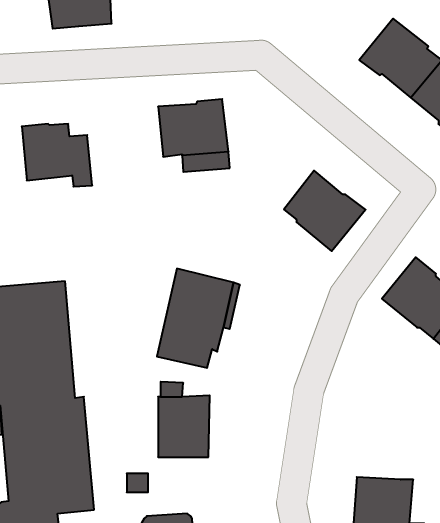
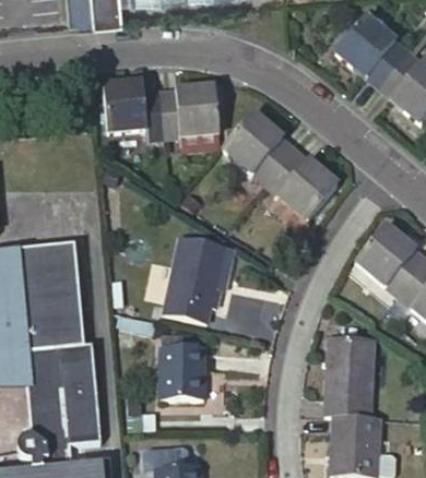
building: [22,124,92,187] -> [102,83,163,138]
building: none -> [223,113,294,182]
building: none -> [323,338,374,417]

